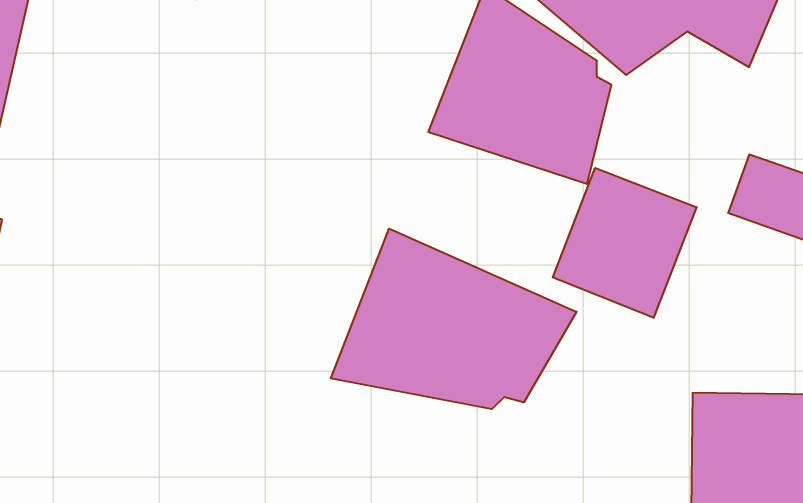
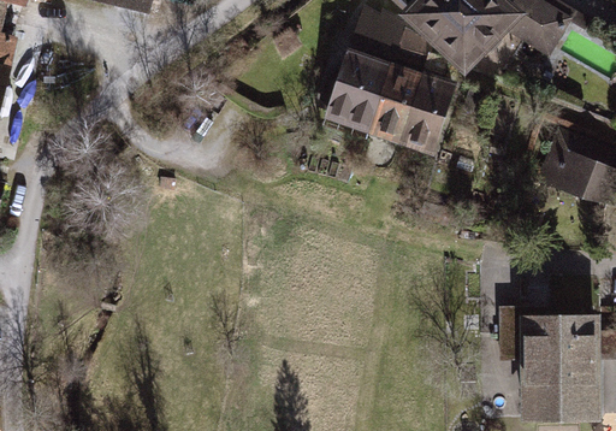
building: [553,168,697,318] -> none
building: [331,229,577,409] -> none

